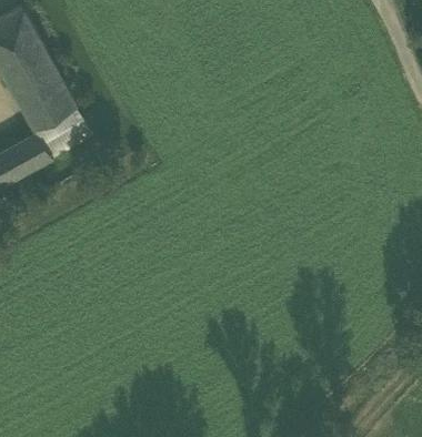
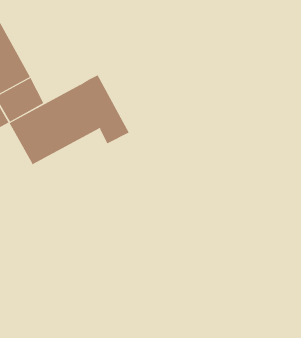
building: none -> [9,74,130,165]

